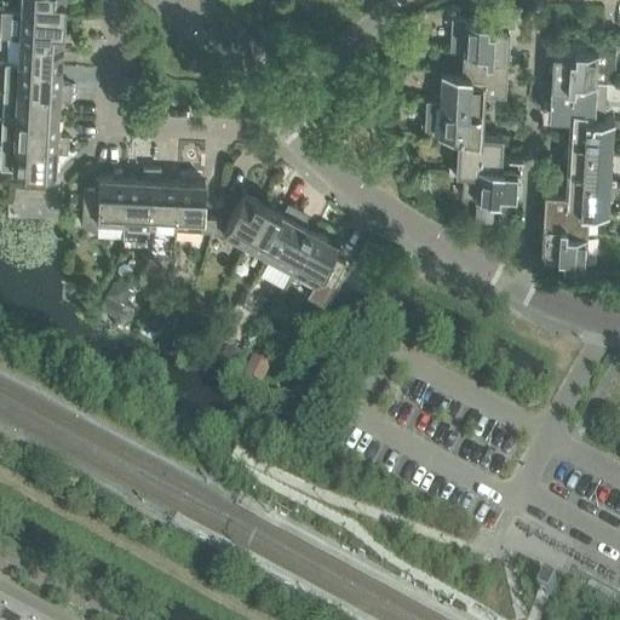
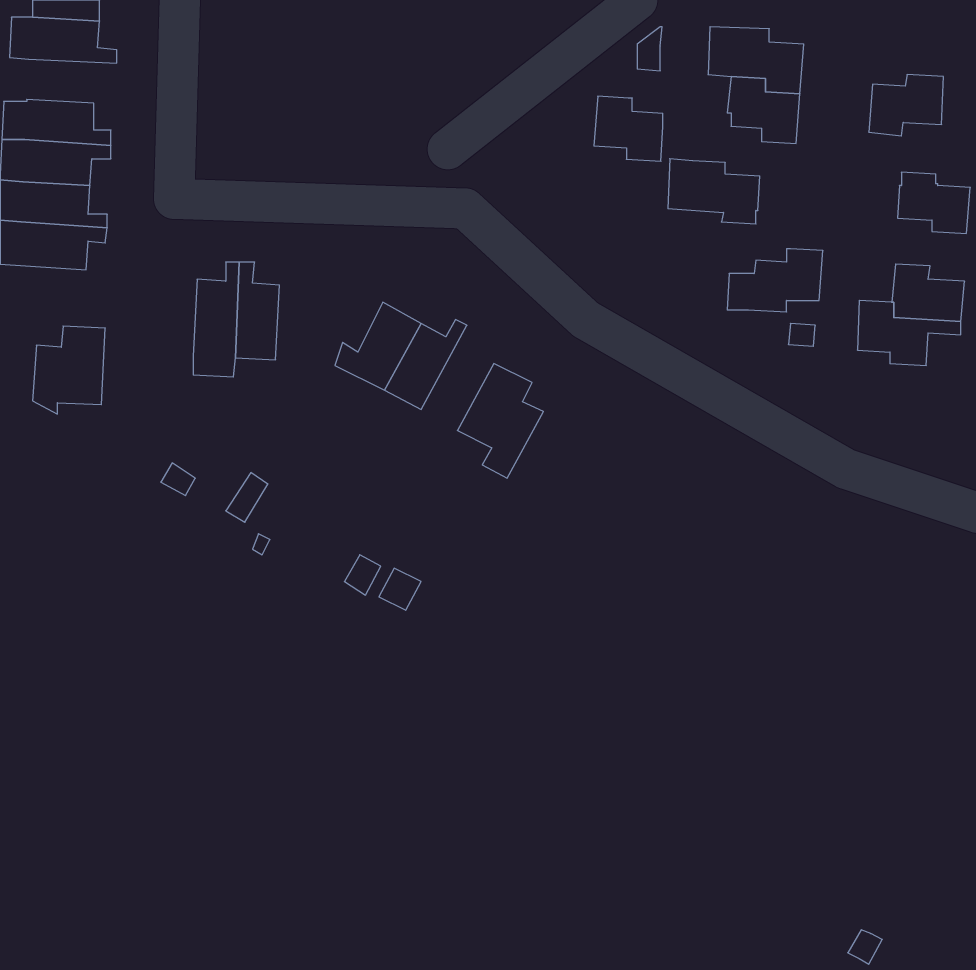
building: [18,42,75,70] -> none
building: [440,75,483,116] -> [594,96,663,161]
building: [550,82,597,122] -> none
building: [448,138,503,178] -> none
building: [568,143,613,183] -> none
building: [80,180,126,236] -> [33,326,105,414]
building: [176,185,218,236] -> none
building: [259,211,314,291] -> none
building: [541,226,587,268] -> none

